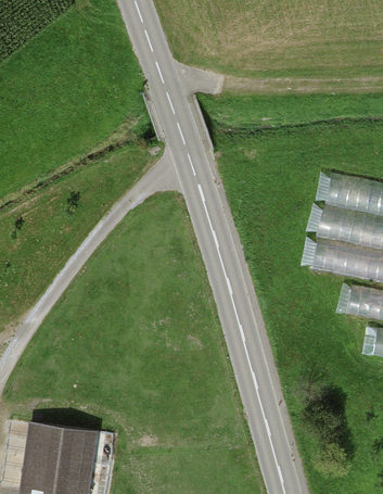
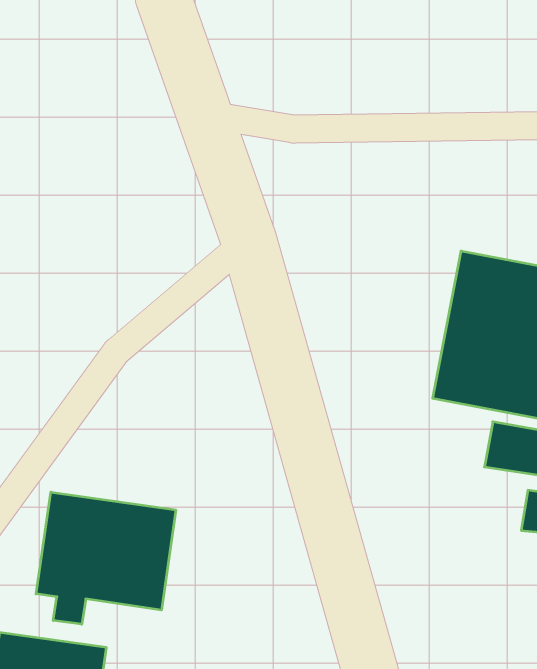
building: none -> [36,492,176,624]

